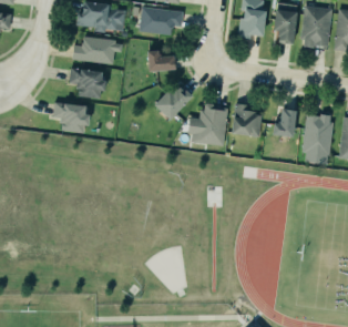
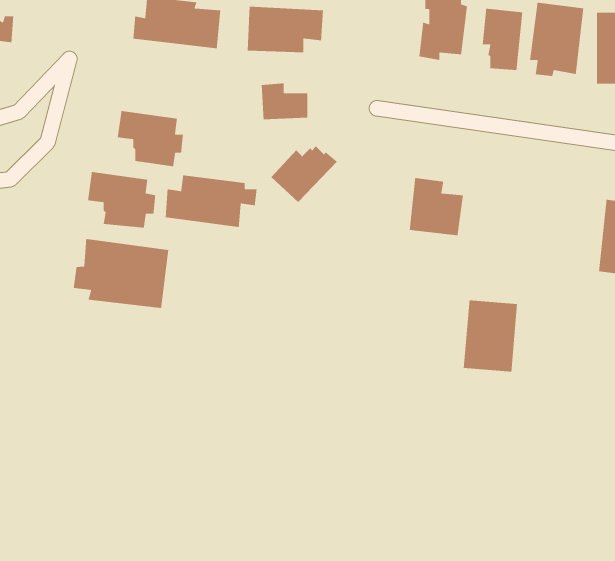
building: [71,34,123,64] -> [165,175,257,228]
building: [186,103,227,145] -> none
building: [273,109,297,137] -> none
building: [303,114,334,155] -> [463,299,518,372]
building: none -> [73,238,169,309]

